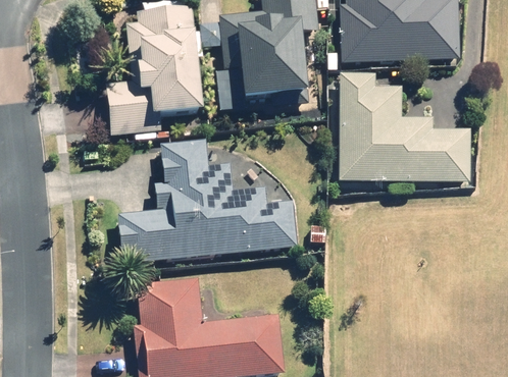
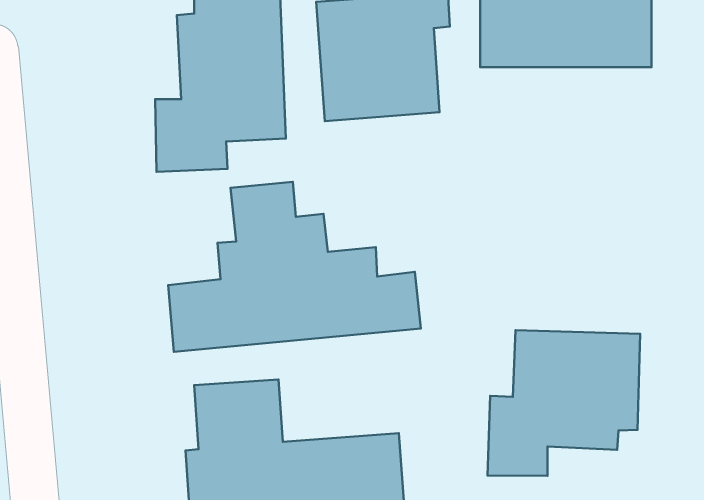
building: [336,73,472,183] -> none
building: none -> [488,330,640,476]

